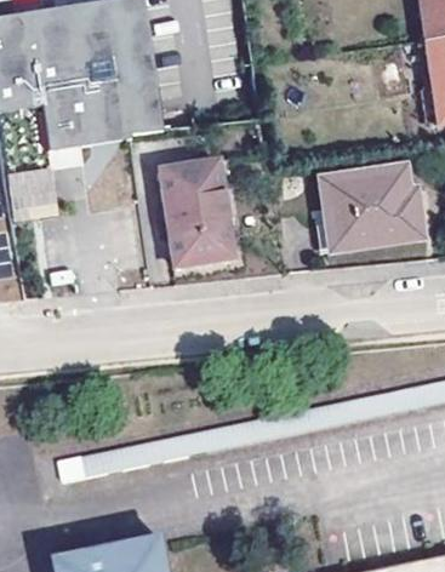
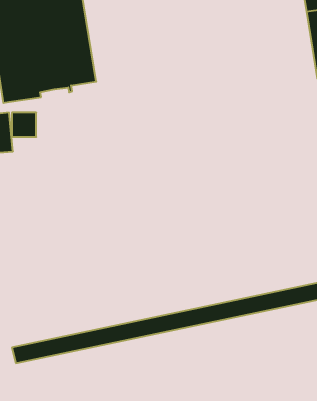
building: [160,158,232,263] -> none
building: [321,170,422,251] -> none

